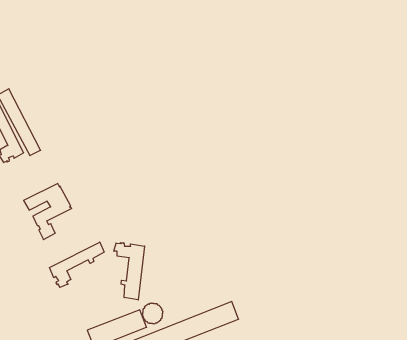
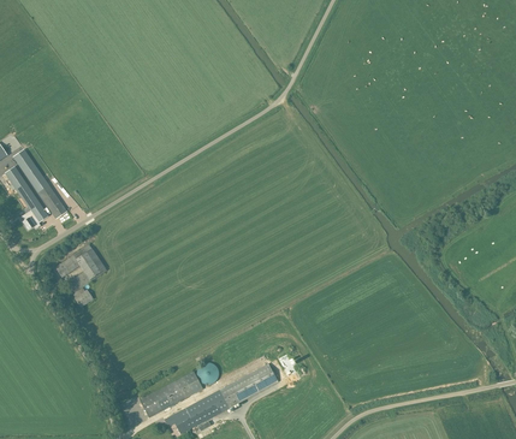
building: [49,242,104,287] -> none
building: [114,243,145,300] -> none

